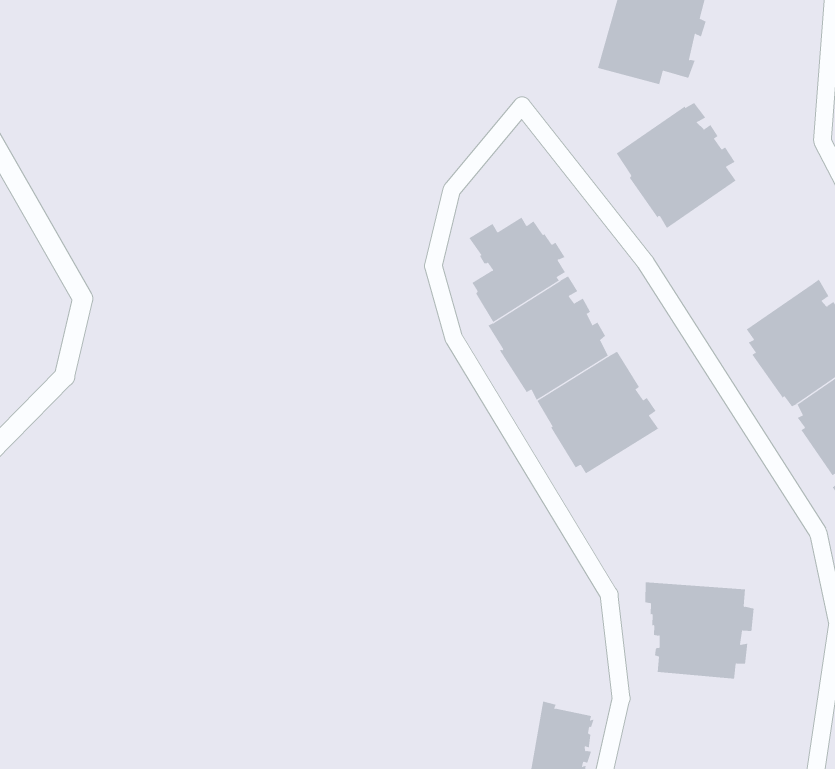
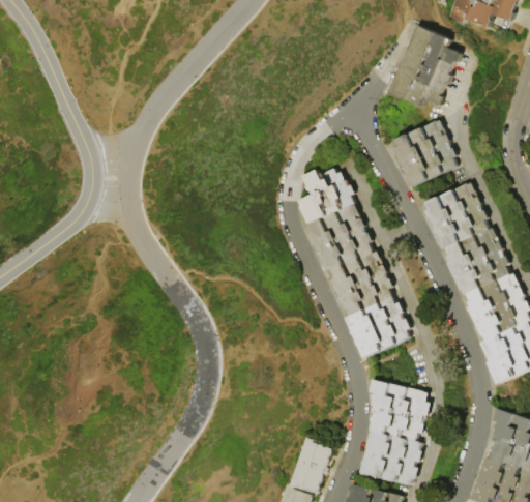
building: none -> [425,183,488,249]
building: none -> [345,297,409,357]
building: none -> [359,431,420,485]

